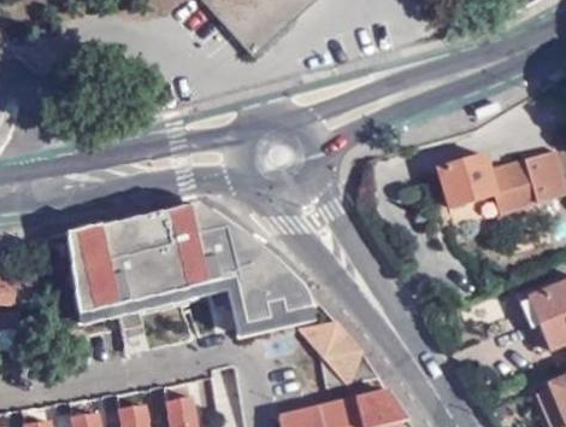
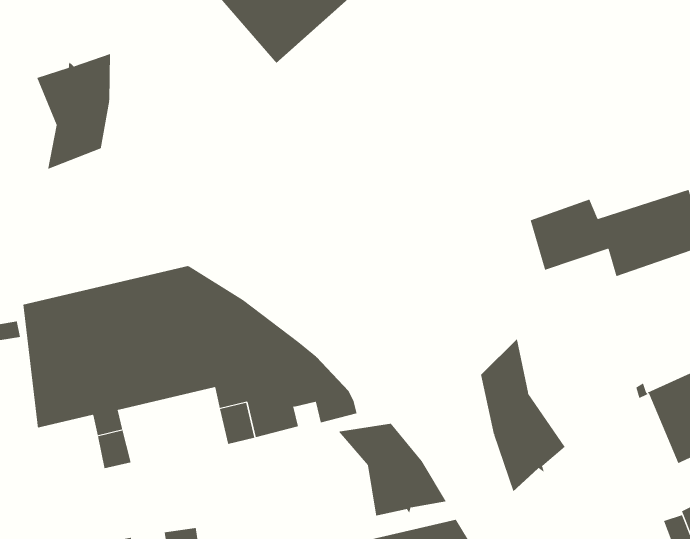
building: none -> [36,53,110,170]
building: none -> [480,338,565,492]

